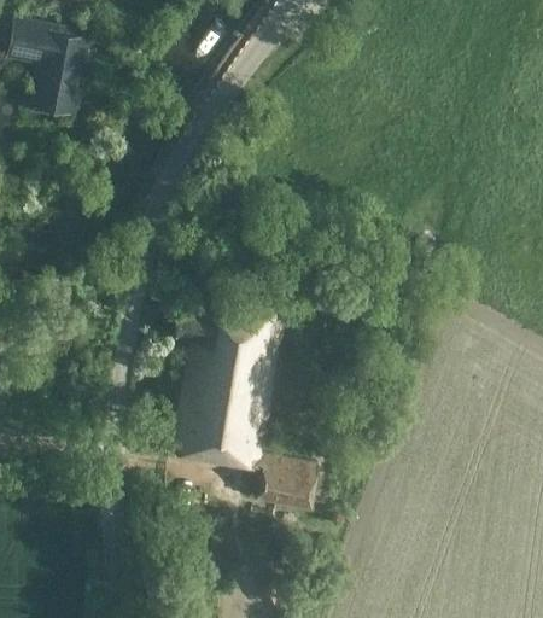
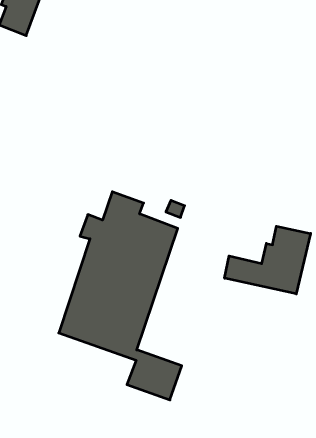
building: none -> [225,226,311,294]

